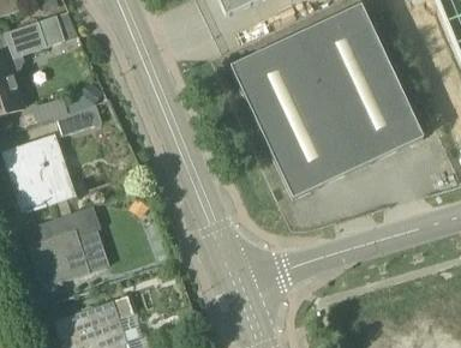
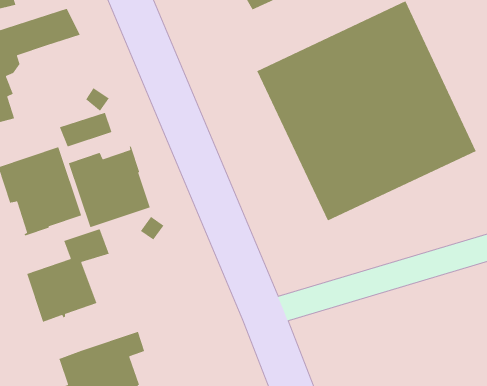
building: none -> [68,146,151,228]

